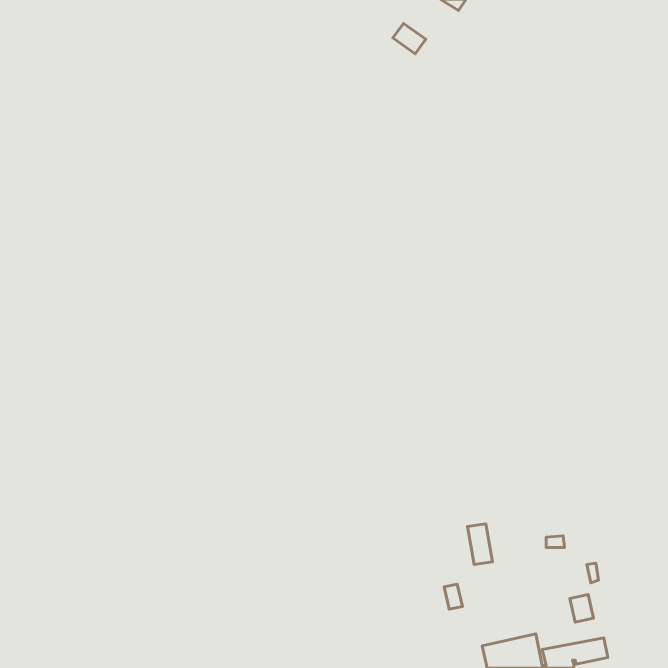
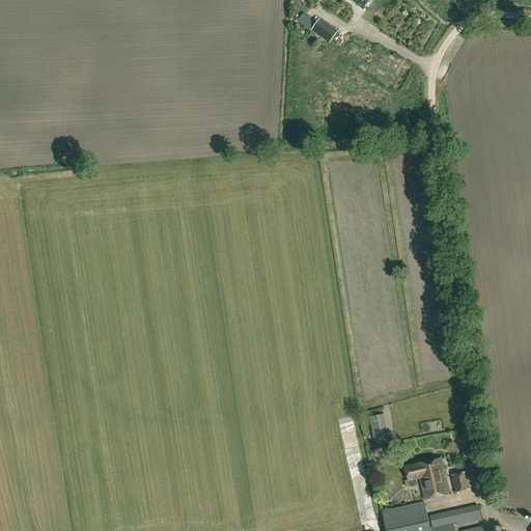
building: none -> [406,457,449,499]

